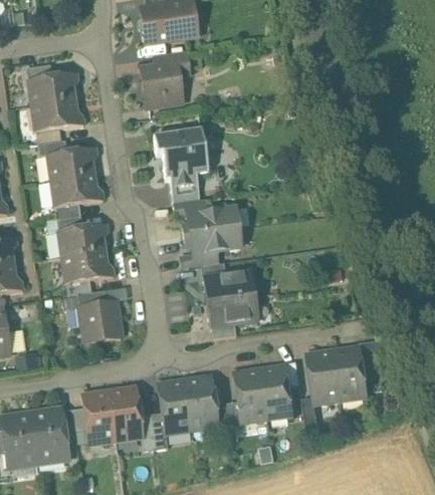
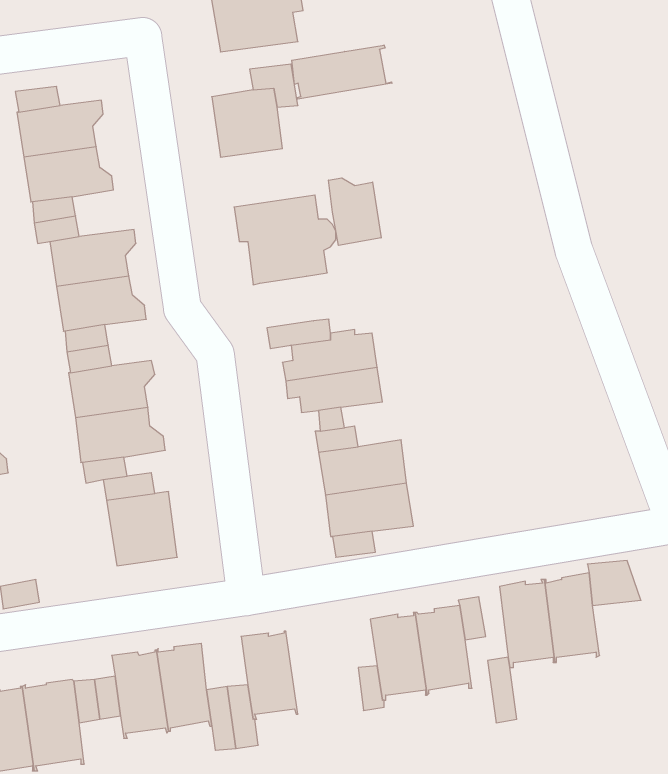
building: none -> [292,45,392,99]
building: none -> [329,178,381,245]
building: [169,174,200,204] -> none
building: [184,377,217,429] -> none

